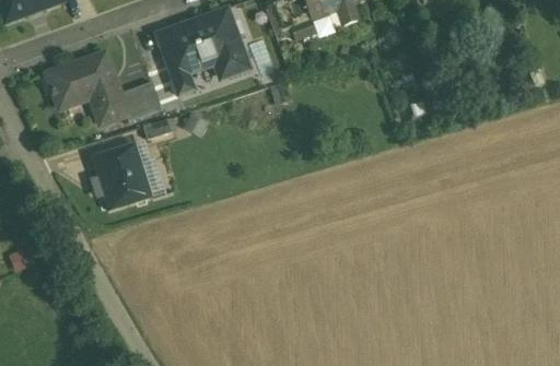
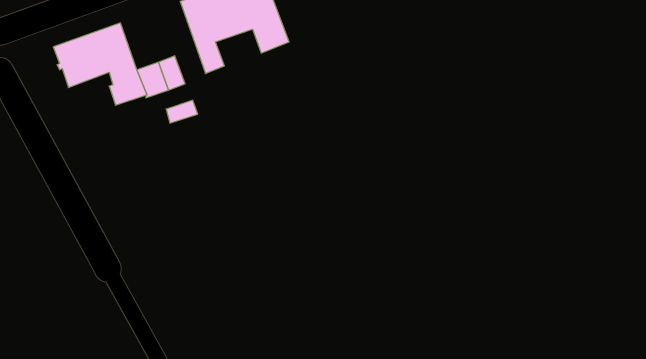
building: [92,143,152,211] -> none

